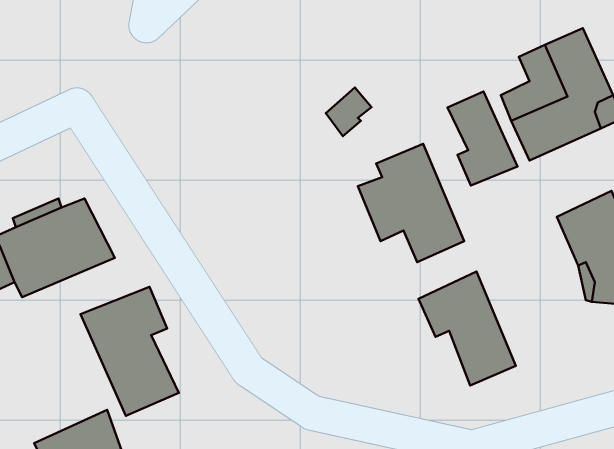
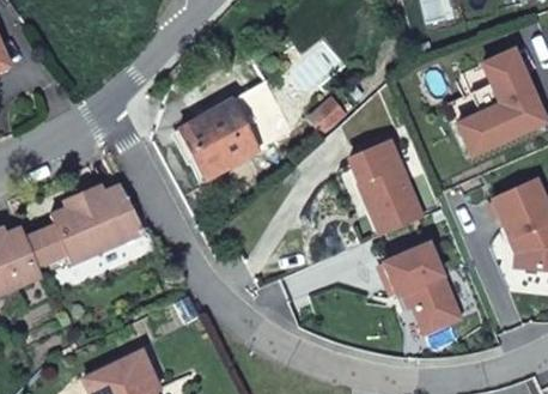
building: none -> [179,79,296,178]
building: [448,92,517,185] -> none
building: [80,287,179,416] -> none

